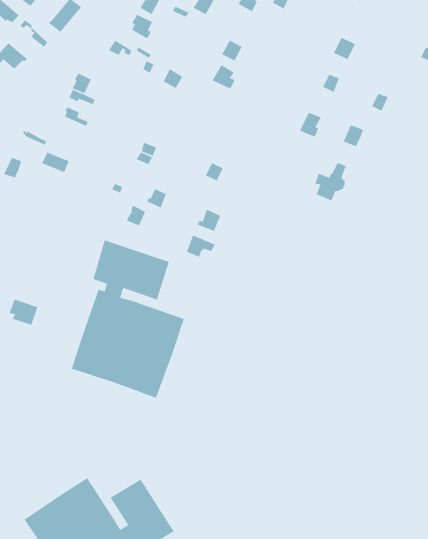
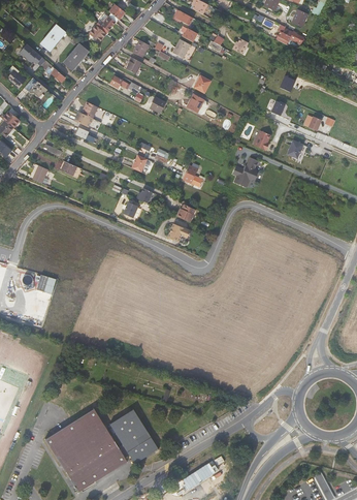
building: [314,162,347,201] -> [232,157,257,187]
building: [71,239,185,399] -> none

